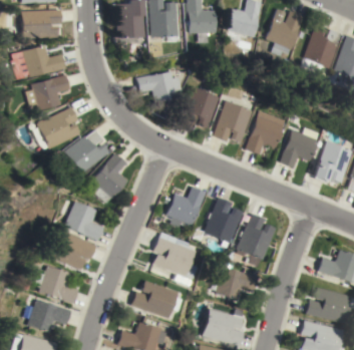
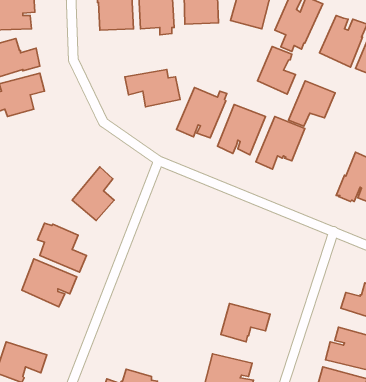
building: none -> [257,47,296,94]
building: [38,106,81,148] -> none
building: [66,129,109,173] -> none
building: [281,129,320,167] -> [288,81,335,126]
building: [167,187,206,228] -> none
building: [194,197,244,245] -> none
building: [238,214,277,266] -> none
building: [152,233,197,279] -> none
building: [41,266,79,303] -> none
building: [130,280,176,318] -> none

